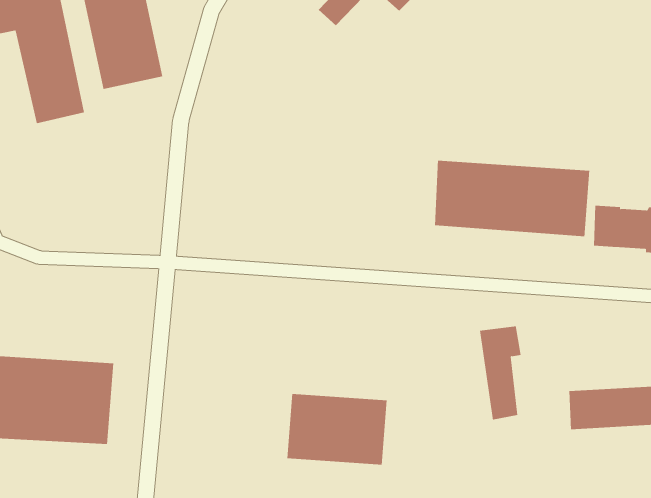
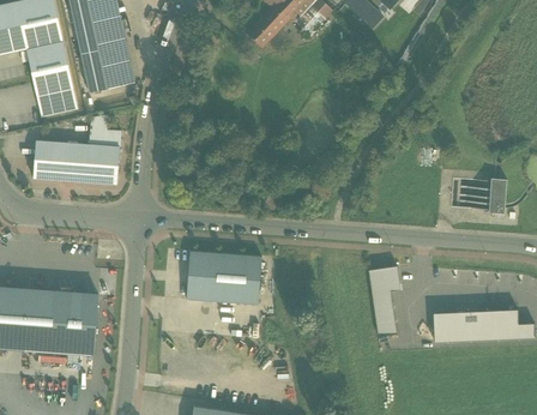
building: none -> [34,142,120,184]
building: [435,160,590,237] -> none
building: [286,393,387,465] -> [185,252,259,305]

